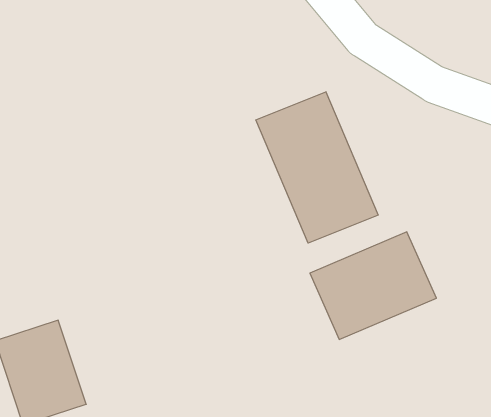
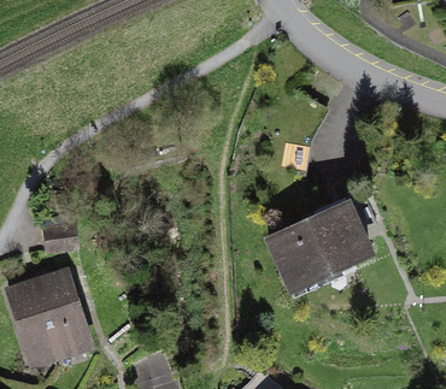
building: [256,92,378,243] -> none

